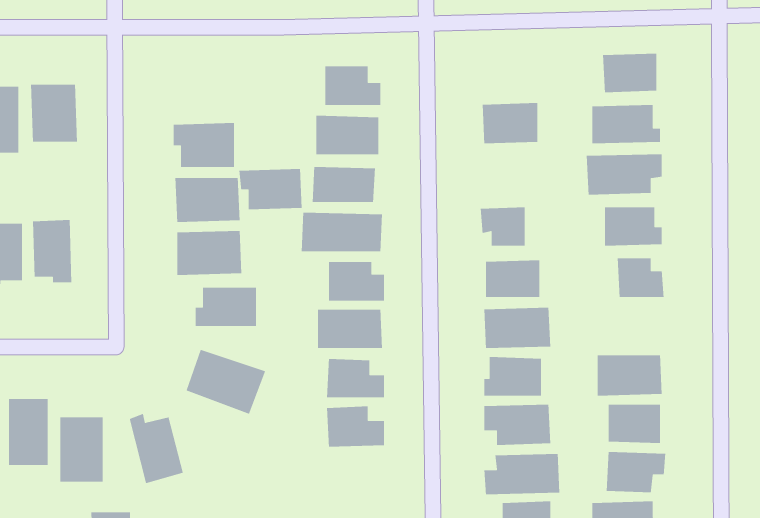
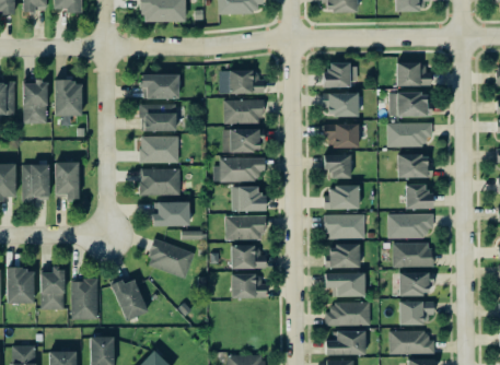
building: none -> [325,63,358,86]
building: none -> [326,123,359,148]
building: [239,168,303,210] -> [141,74,179,99]
building: none -> [387,213,433,238]

